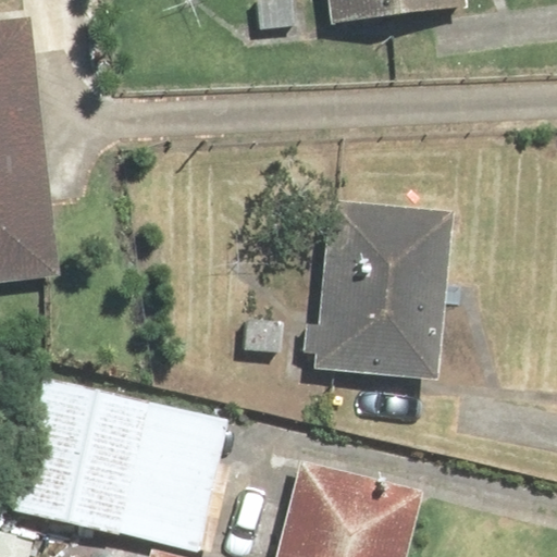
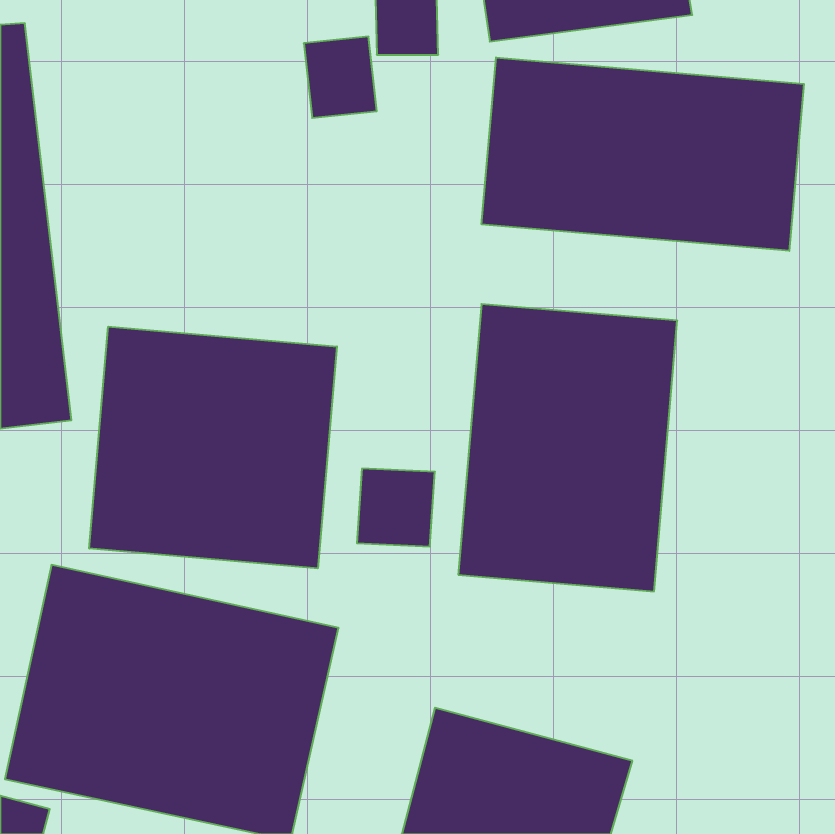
building: none -> [482,57,804,251]
building: none -> [89,327,337,568]

